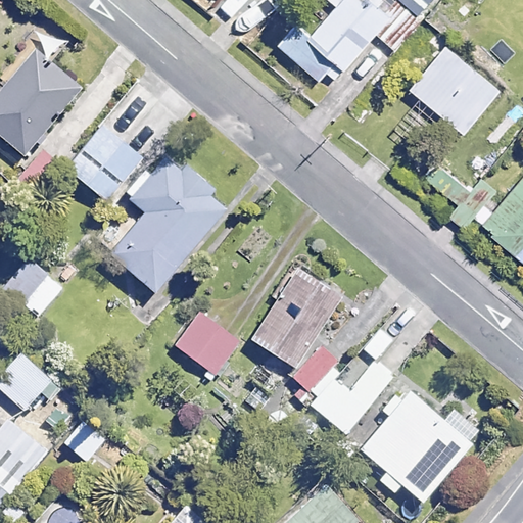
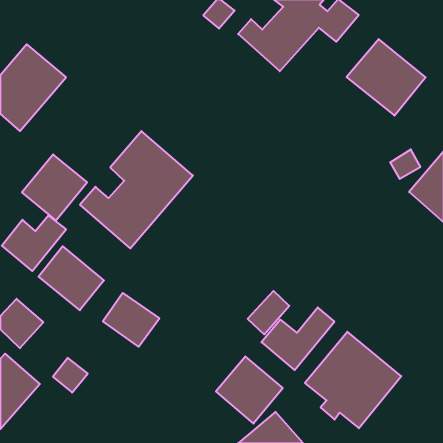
building: [65,126,142,203] -> [22,154,87,220]
building: [248,268,341,368] -> none
building: none -> [39,246,104,310]
building: [175,313,241,376] -> [103,293,159,347]
building: none -> [216,356,283,424]

